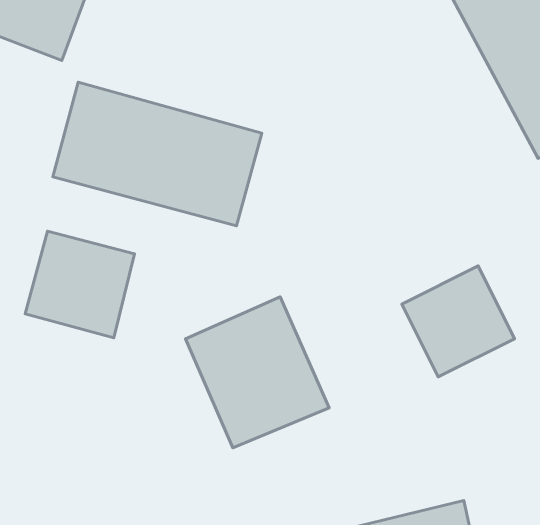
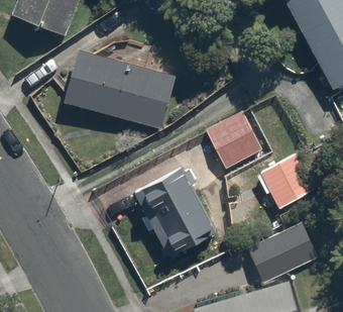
building: none -> [201,111,261,168]
building: [25,231,135,338] -> none
building: none -> [246,227,311,280]

